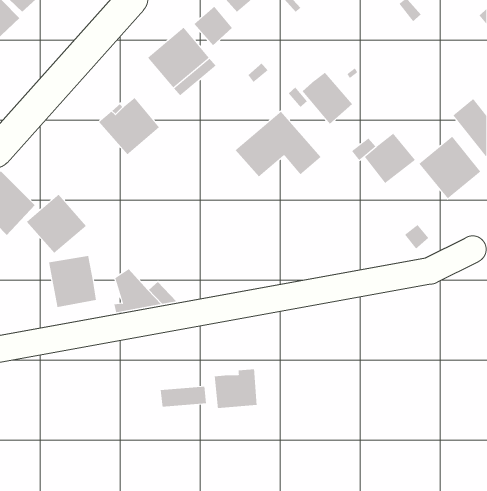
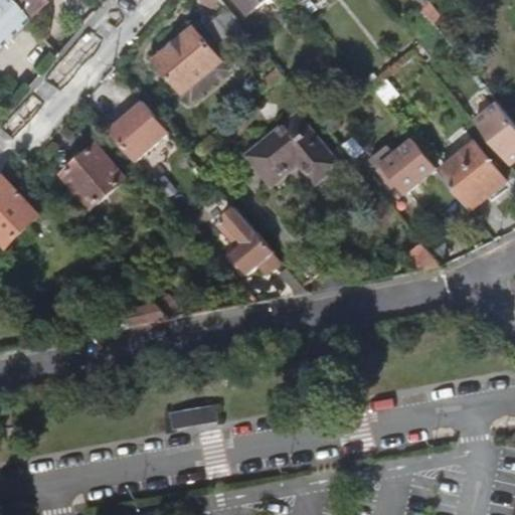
building: [302,72,353,124] -> none
building: [26,194,87,254] -> [61,146,125,208]
building: none -> [212,206,278,274]
building: [49,255,96,308] -> none
building: [214,368,257,409] -> none

